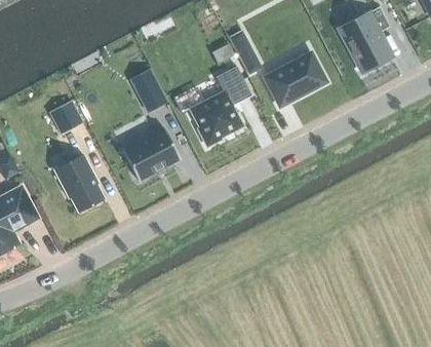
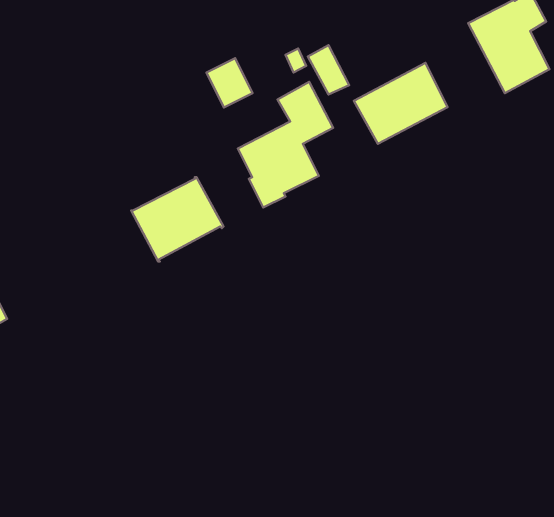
building: [136,79,166,111] -> [206,58,253,108]
building: [49,100,83,133] -> none
building: [54,155,105,213] -> none

